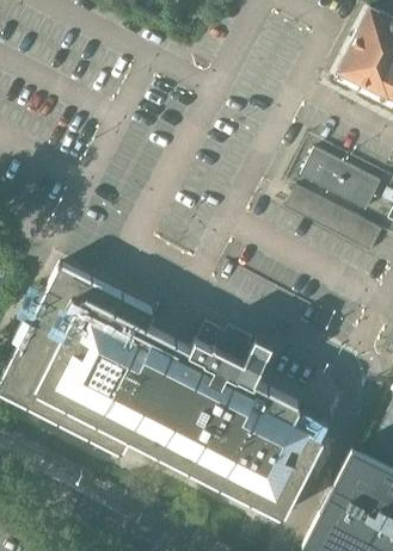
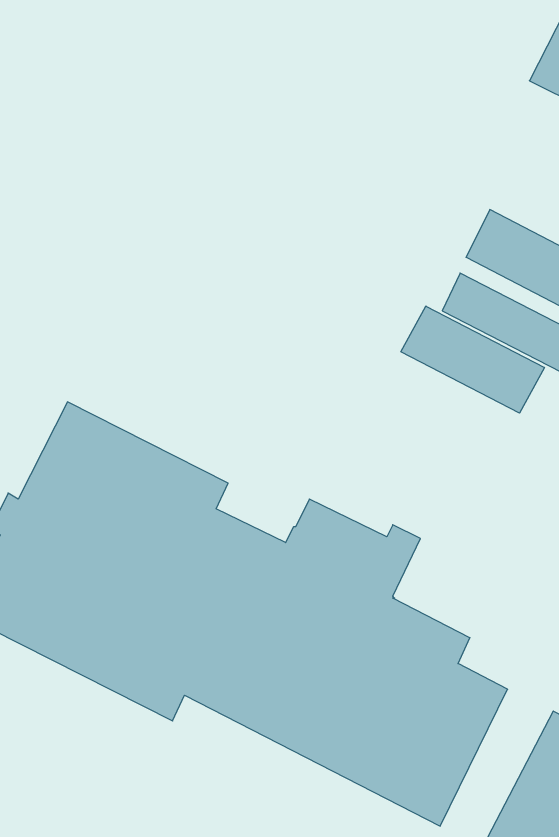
building: none -> [401,306,544,413]

